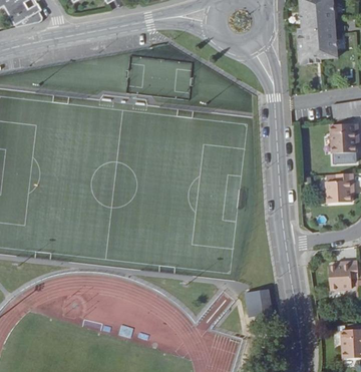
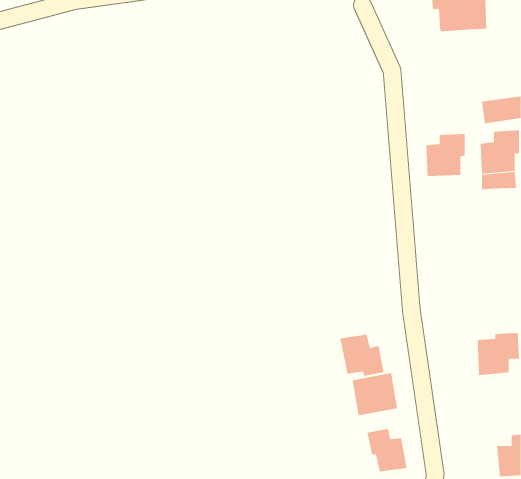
building: [327,173,354,203] -> [425,133,465,177]
building: none -> [340,334,384,377]
building: none -> [367,428,407,472]

